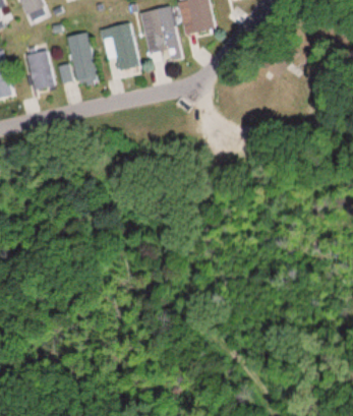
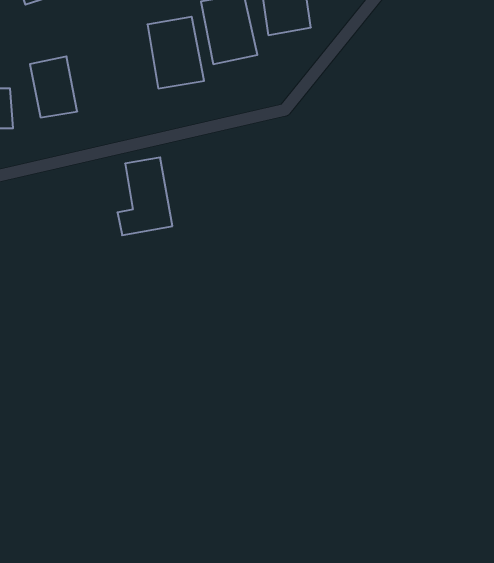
building: [61,32,98,83] -> [117,157,172,235]

